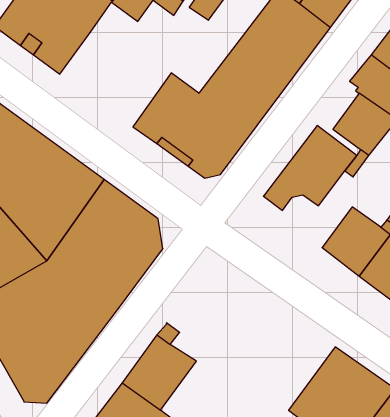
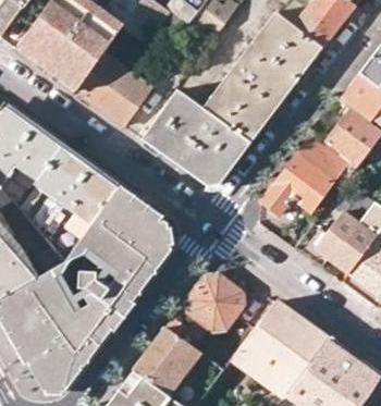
building: none -> [76,51,153,125]
building: none -> [186,273,244,331]
building: none -> [231,300,327,396]

